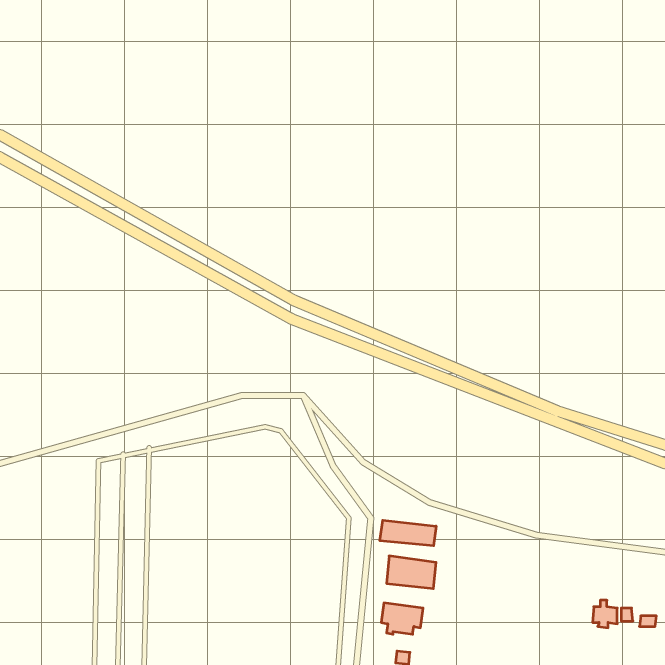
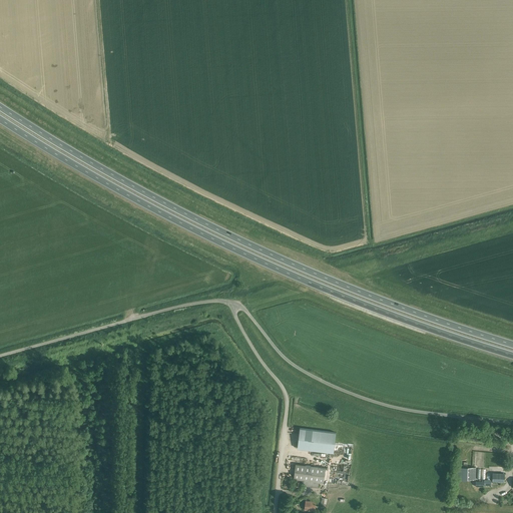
building: [380,520,436,546] -> none

